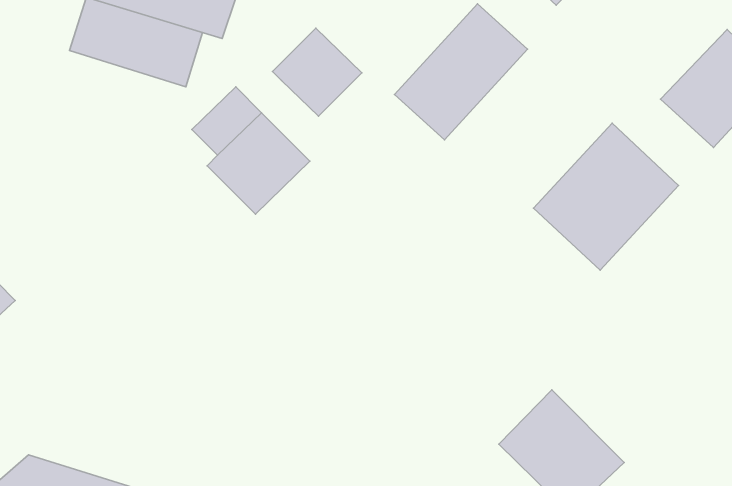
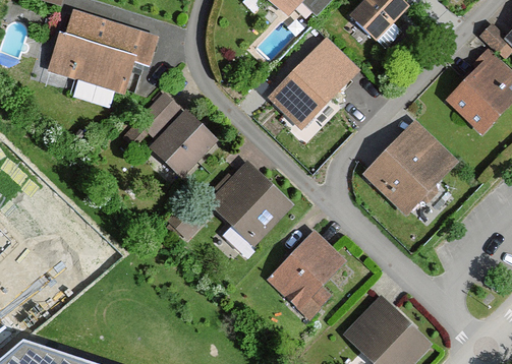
building: [273,28,362,116] -> none
building: none -> [203,163,290,249]
building: none -> [263,232,338,320]

